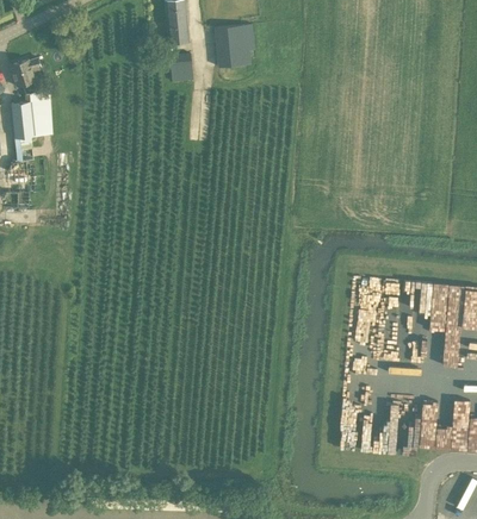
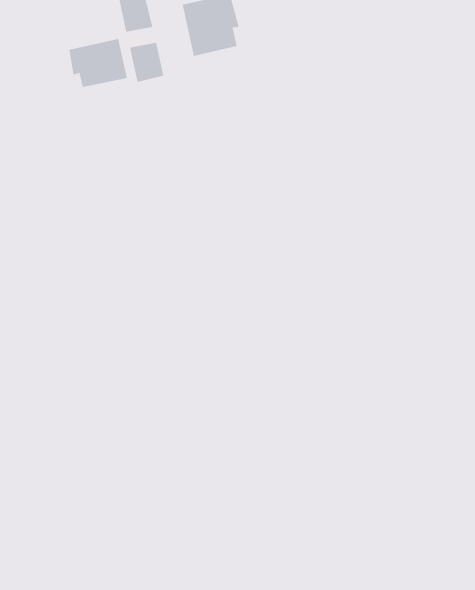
building: none -> [69,38,128,88]

